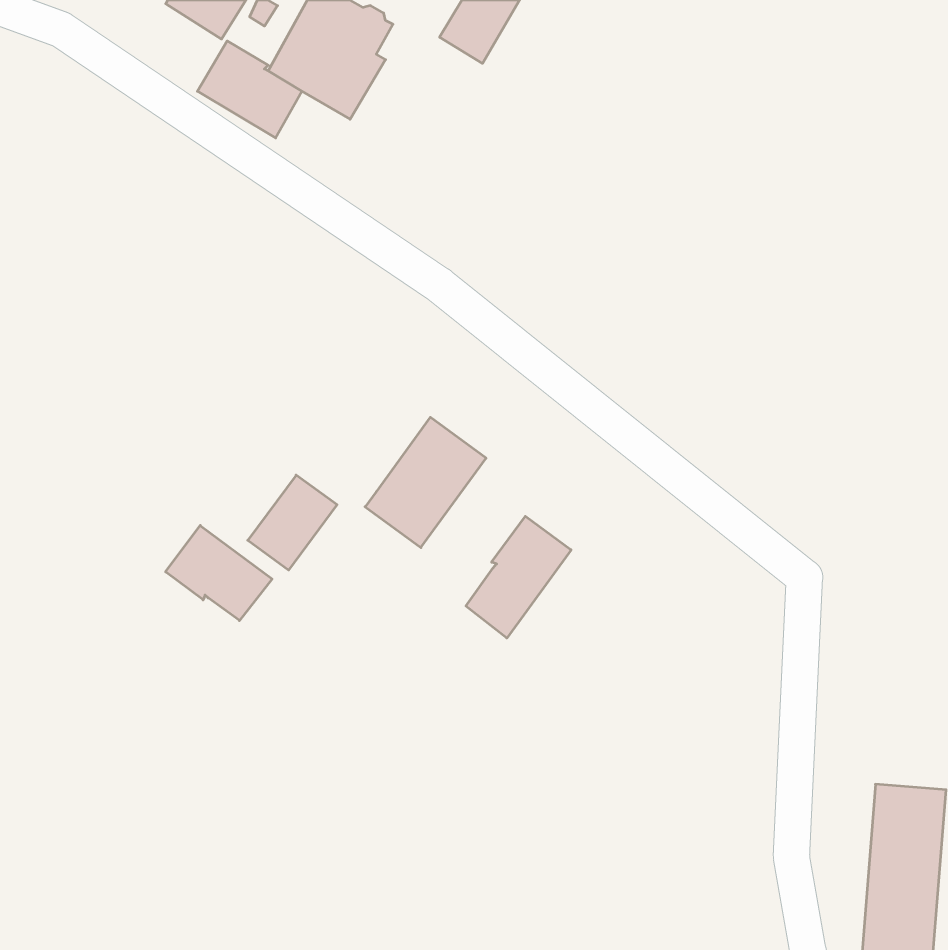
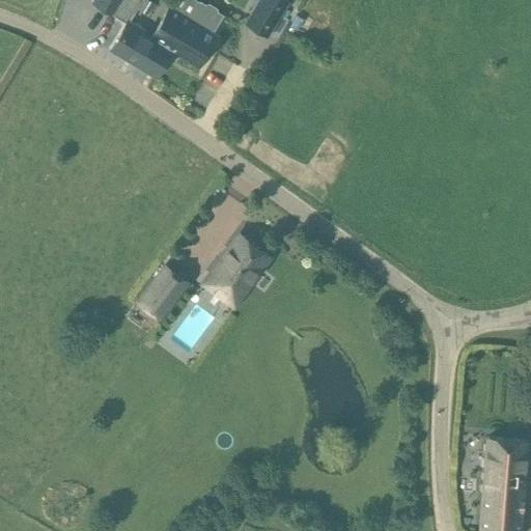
building: [466,516,571,638] -> none
building: [166,525,272,621] -> none

